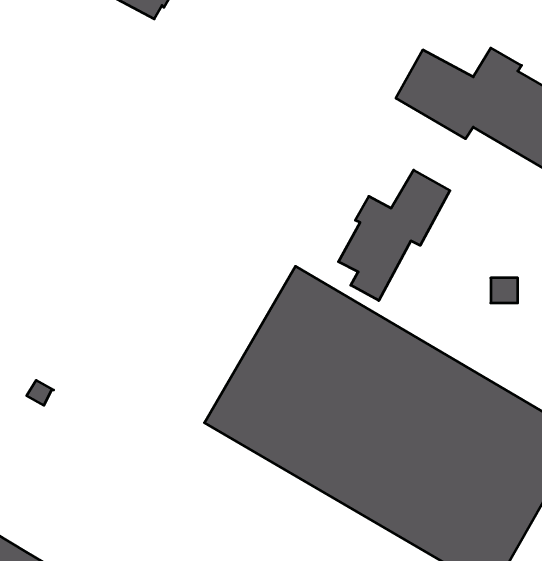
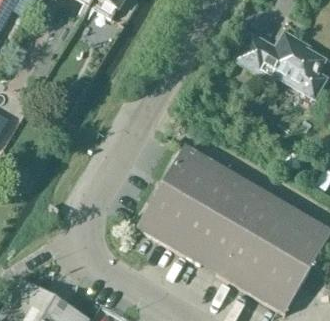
building: [338,170,450,301] -> none

